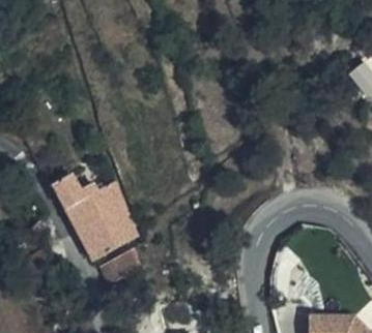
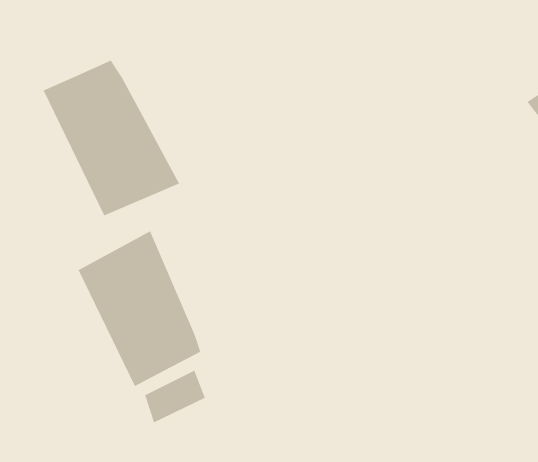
building: none -> [42,59,180,216]

